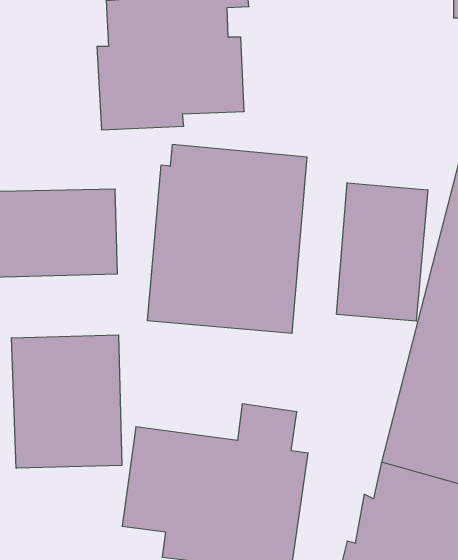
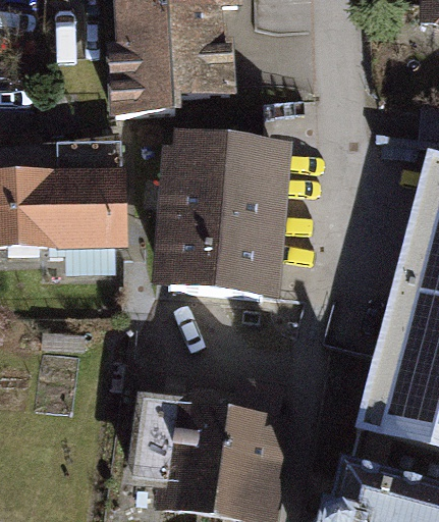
building: [337,183,428,321] -> none
building: [12,335,122,468] -> none

